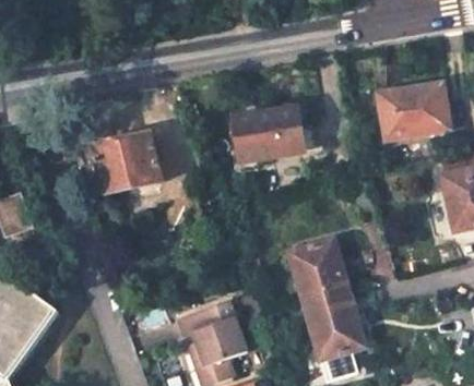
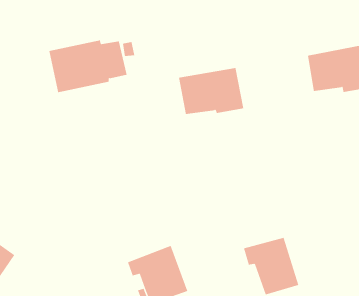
building: [91,133,177,191] -> [48,40,127,93]
building: [296,239,349,304] -> none

